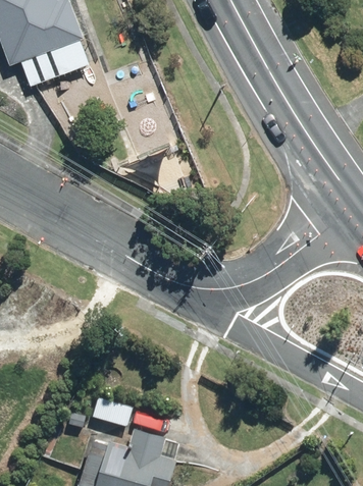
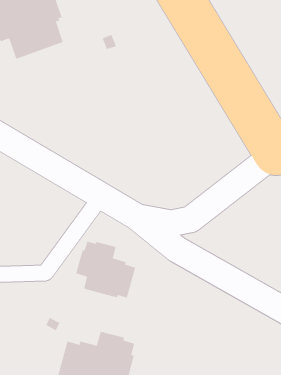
building: none -> [75,241,136,299]

